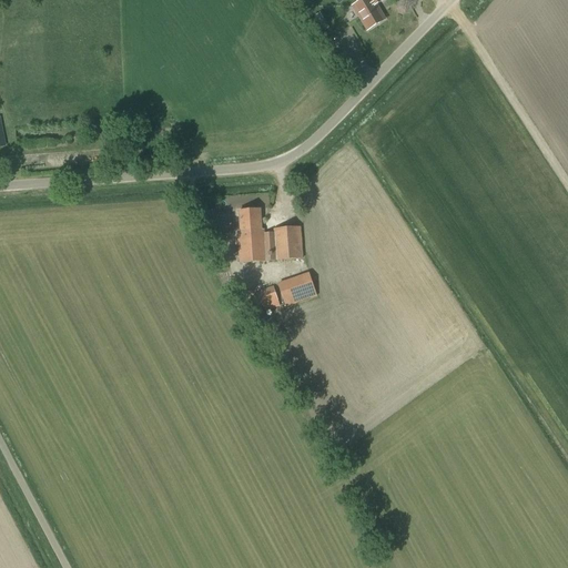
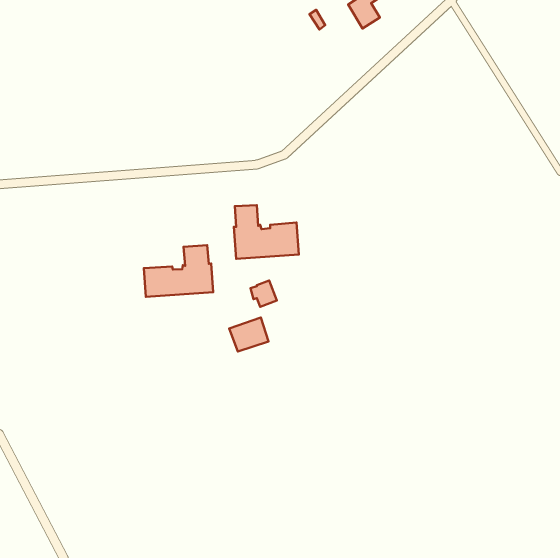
building: none -> [144,245,213,297]
building: [276,271,316,305] -> [229,317,269,351]

